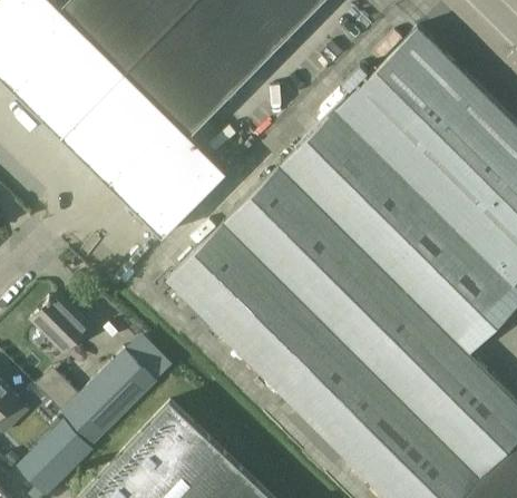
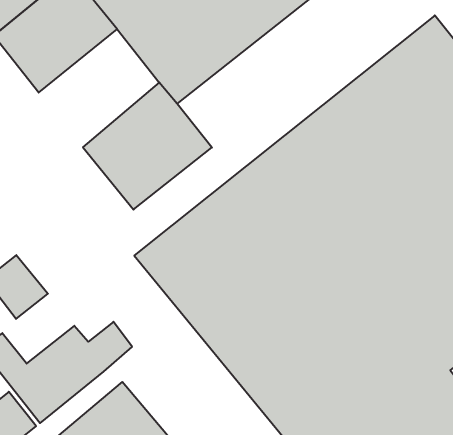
building: [60,74,170,186] -> none

